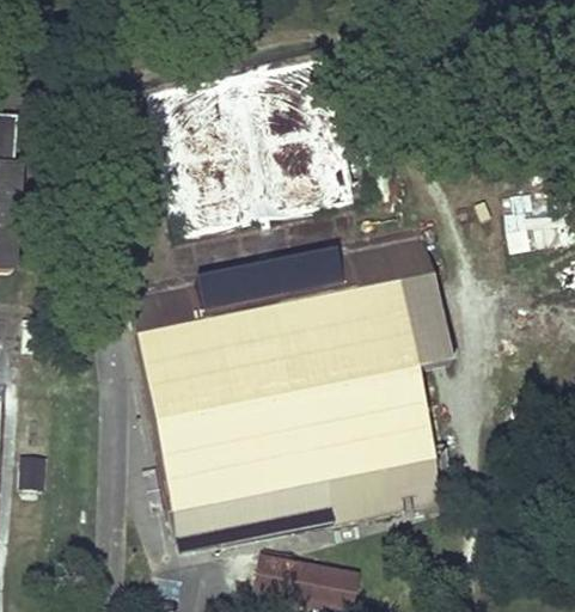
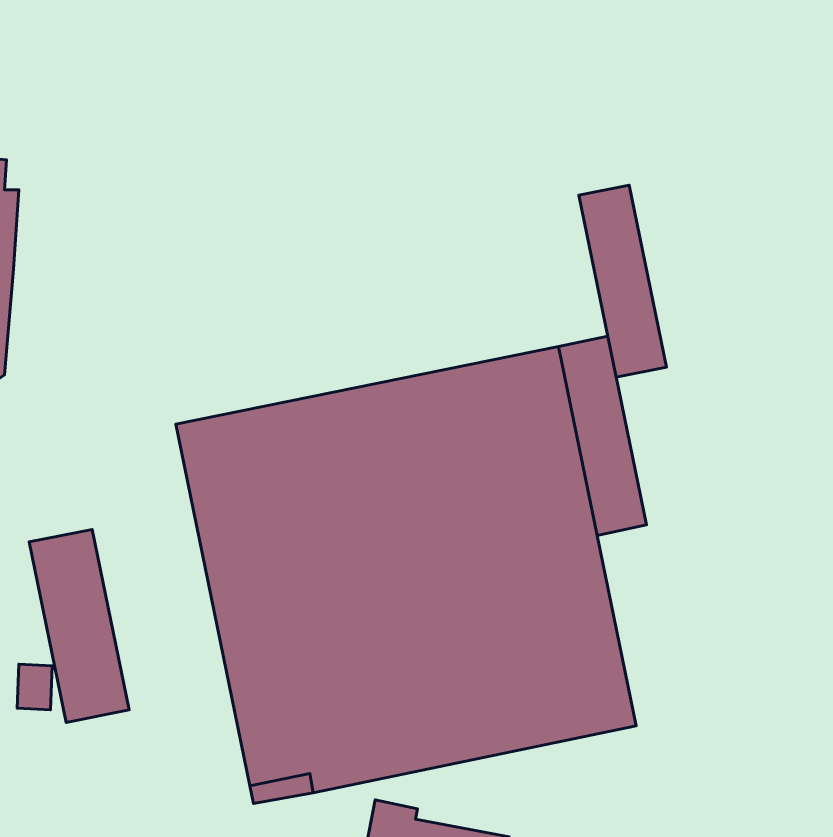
building: none -> [579,185,667,377]
building: none -> [29,529,129,722]

